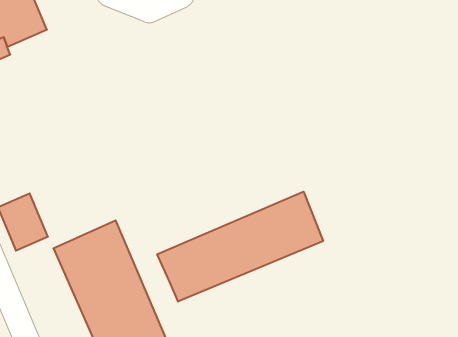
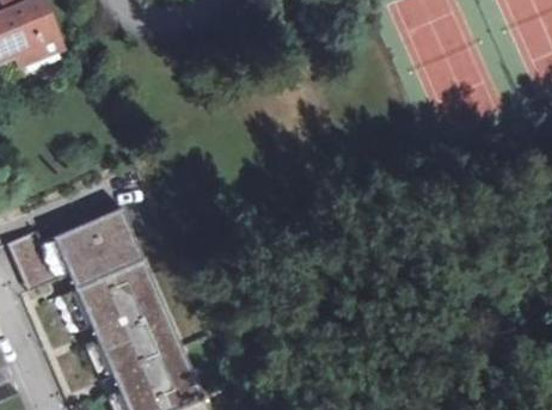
building: none -> [51,207,142,288]
building: [157,192,323,302] -> none

